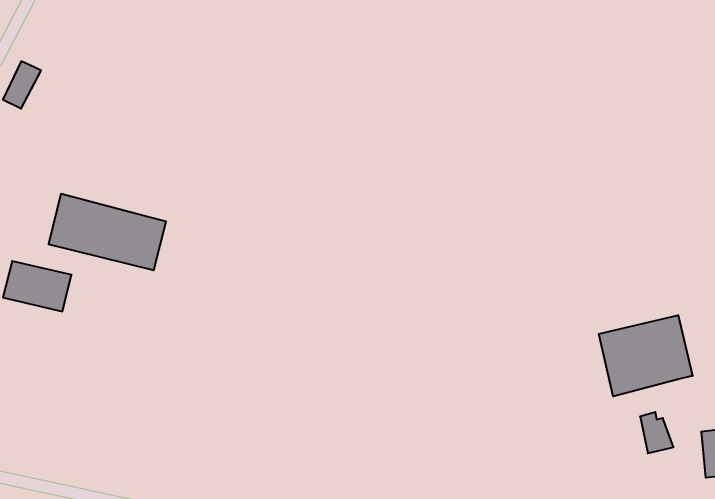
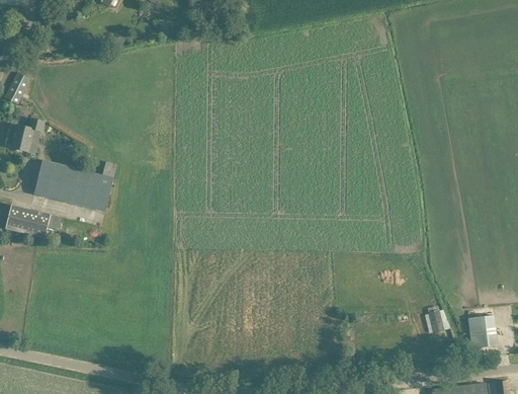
building: none -> [10,120,44,153]
building: [599,315,693,396] -> none

